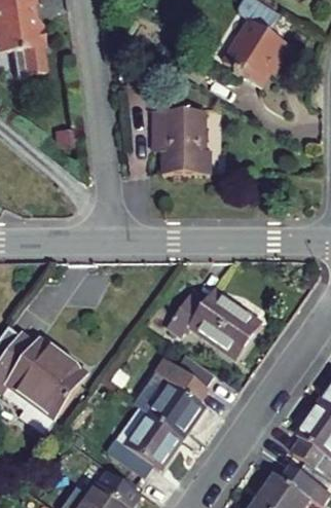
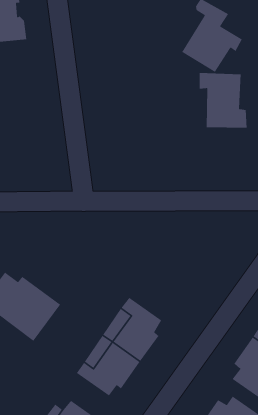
building: [166,110,223,177] -> [199,72,247,129]
building: [170,286,262,356] -> none

